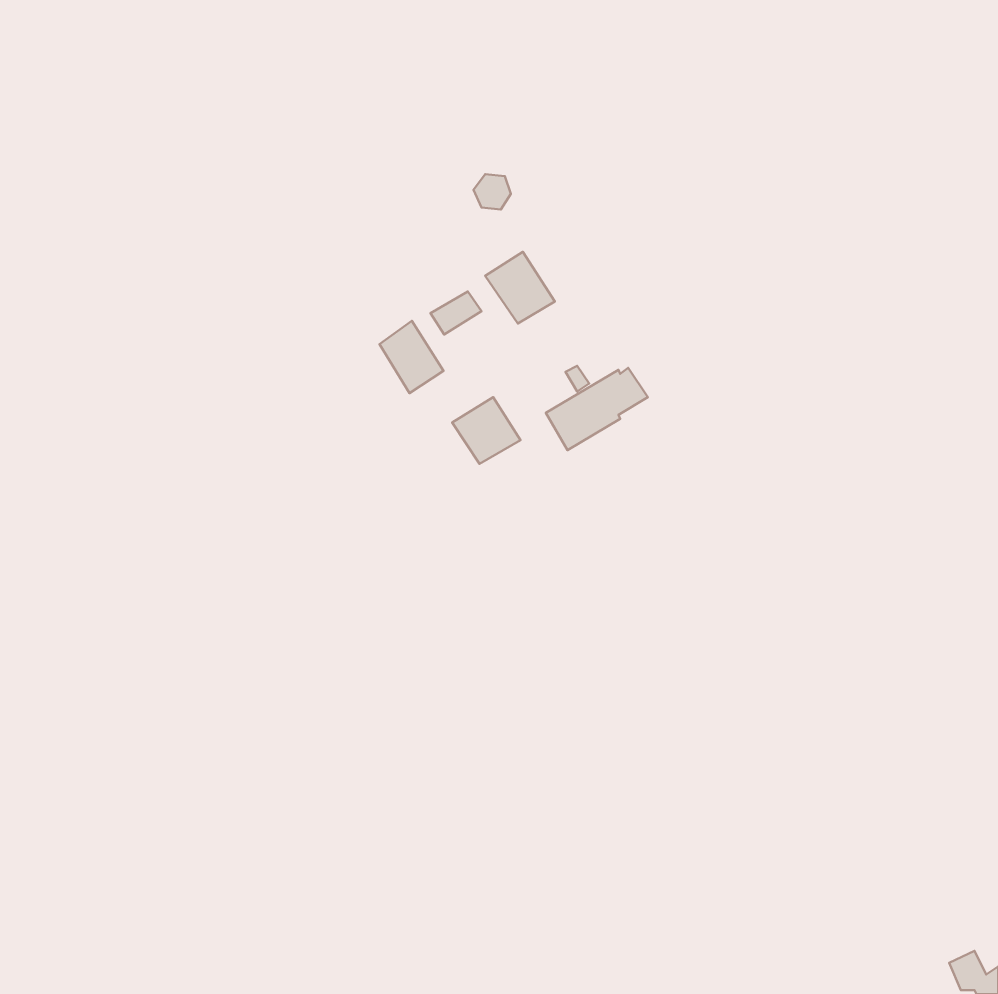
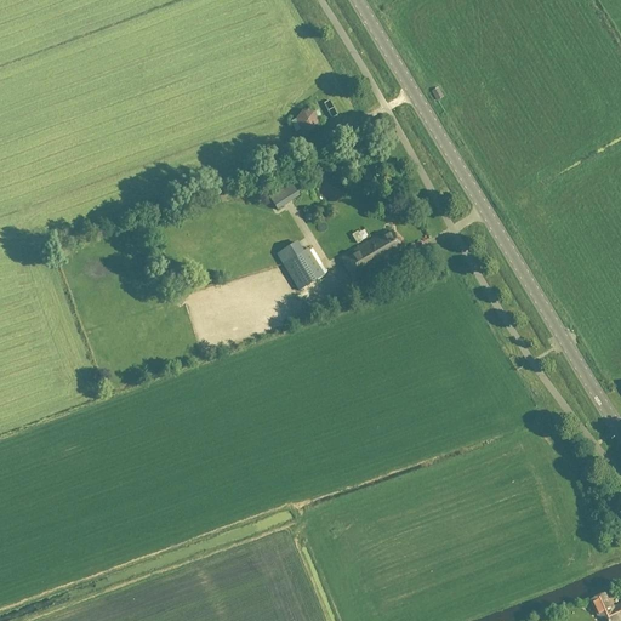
building: [485,252,555,323] -> none
building: [379,321,444,393] -> none

